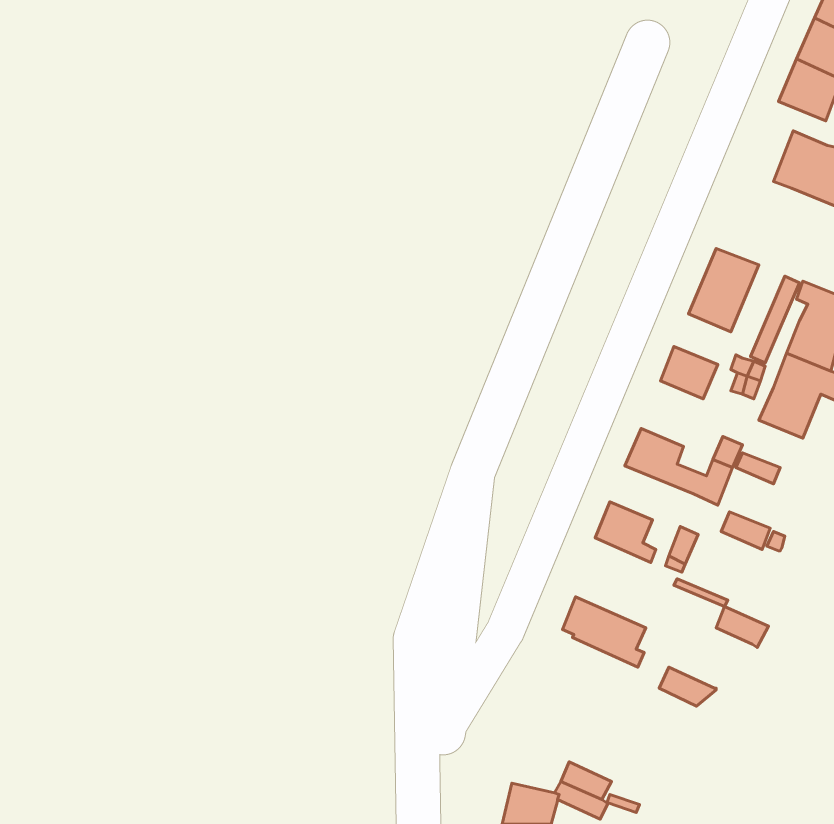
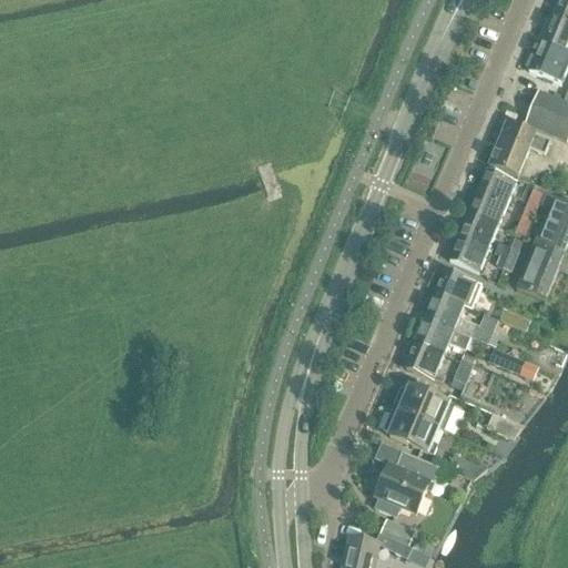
building: none -> [488,119,550,174]
building: none -> [458,213,497,247]
building: none -> [436,267,481,305]
building: none -> [415,316,471,353]
building: none -> [392,384,454,427]
building: none -> [375,448,442,515]

